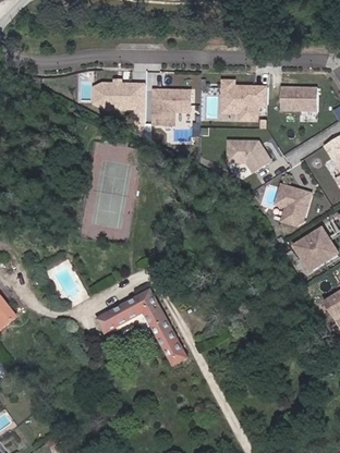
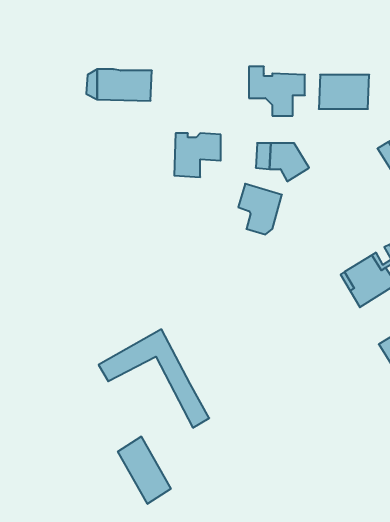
building: [149,89,186,124] -> [174,133,221,177]
building: [274,184,308,224] -> [238,184,282,234]
building: none -> [118,436,171,504]

